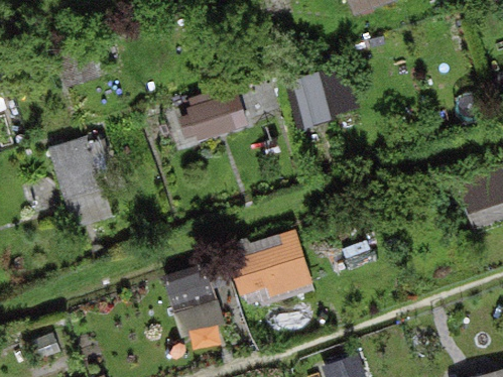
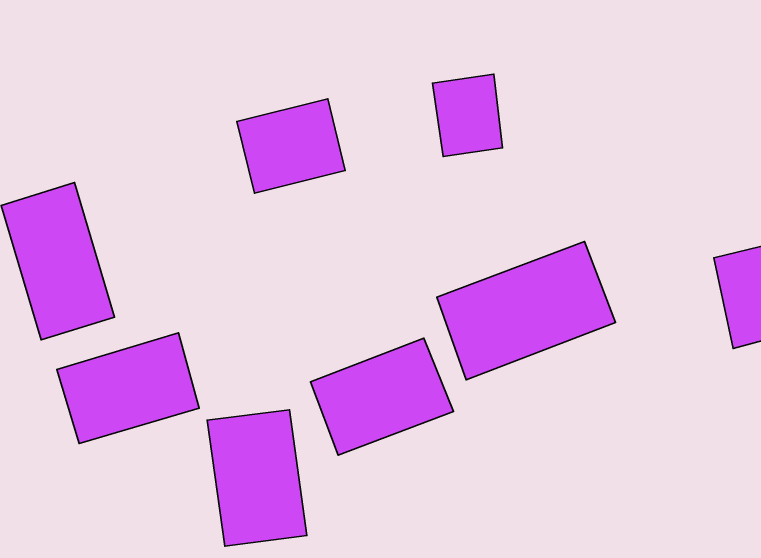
building: none -> [437,241,616,380]
building: none -> [57,333,199,444]

